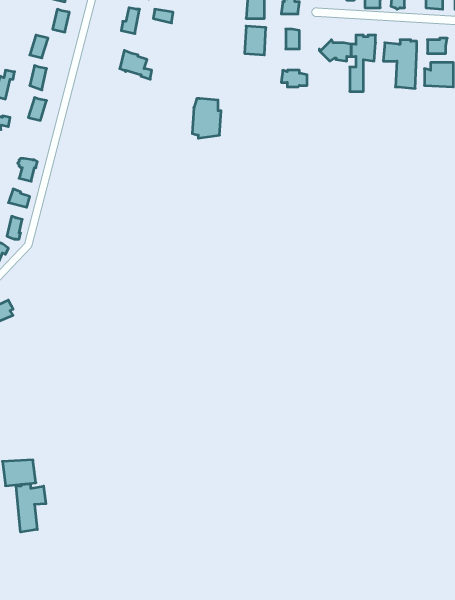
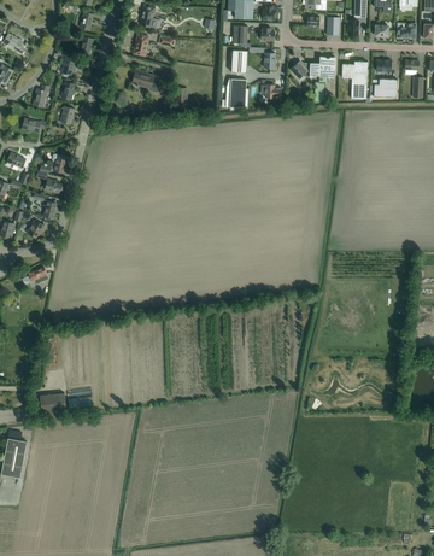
building: [192,99,221,138] -> [225,78,248,110]
building: [16,484,46,532] -> none

